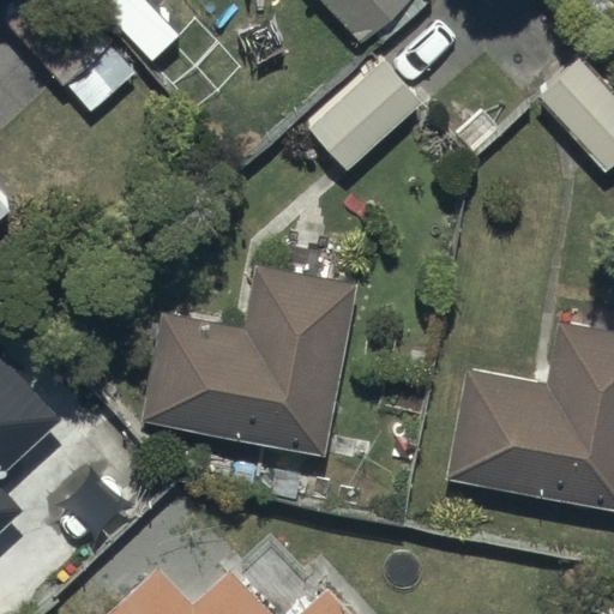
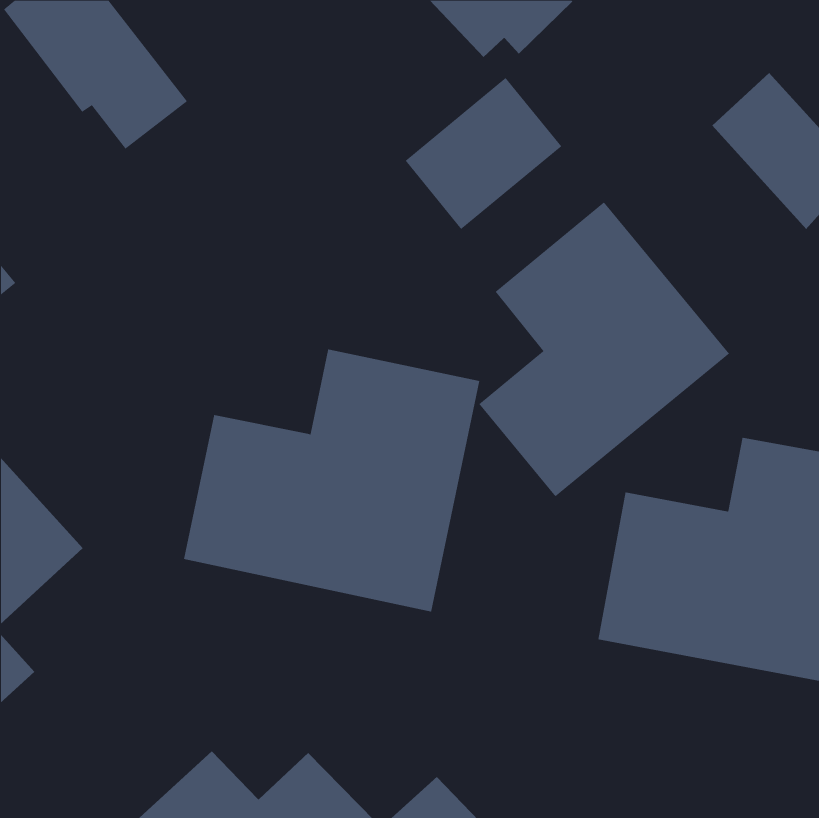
building: none -> [478,201,730,497]

